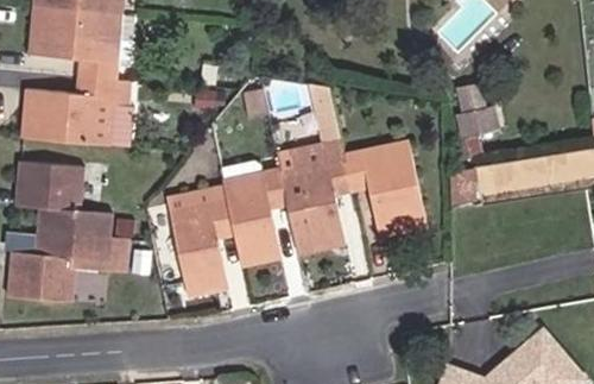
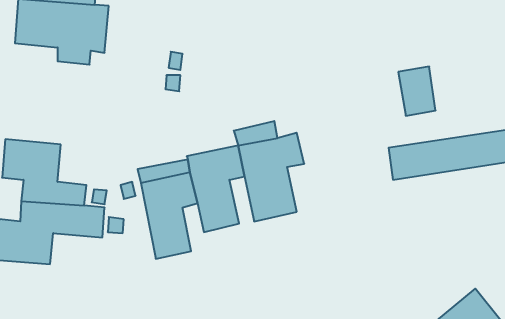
building: [23,75,129,145] -> none
building: [345,141,425,234] -> none

